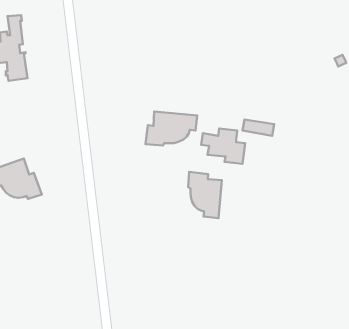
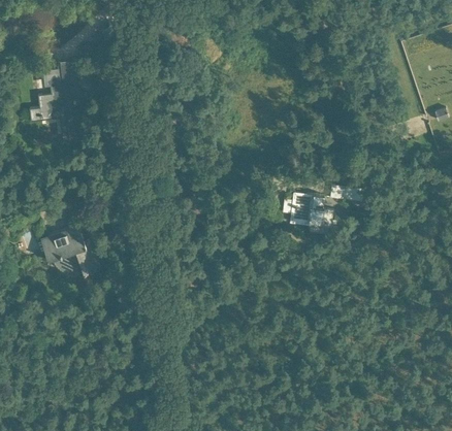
building: [146,112,197,146] -> none
building: [188,172,222,218] -> none

